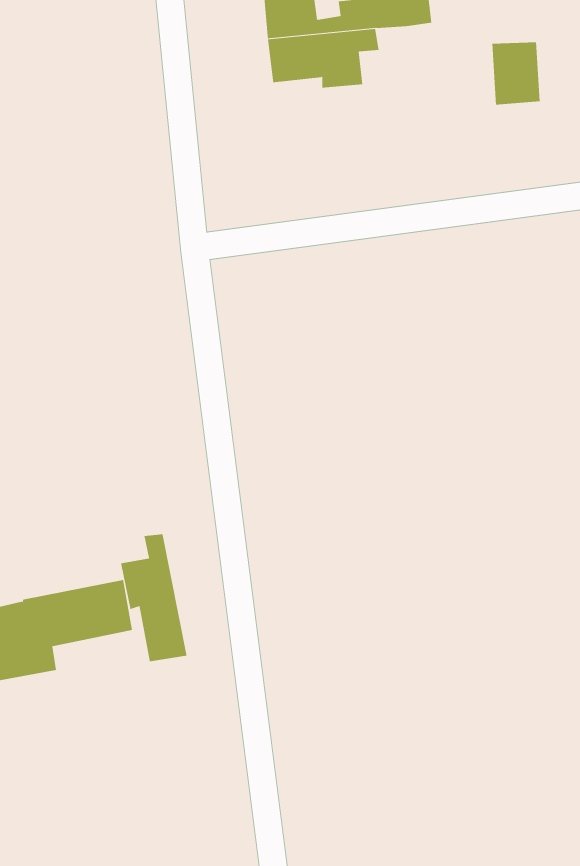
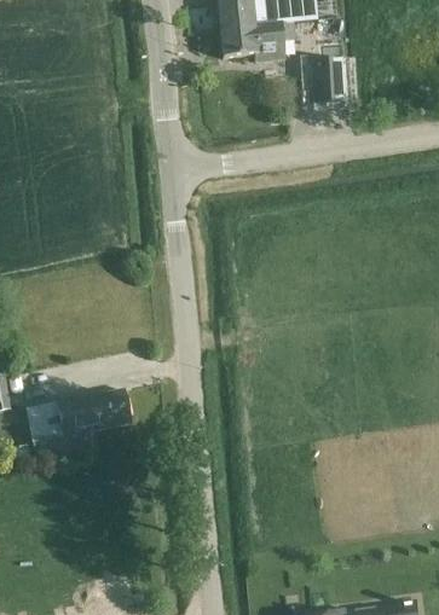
building: [491,42,540,105] -> [312,59,345,101]
building: [120,533,187,662] -> none

